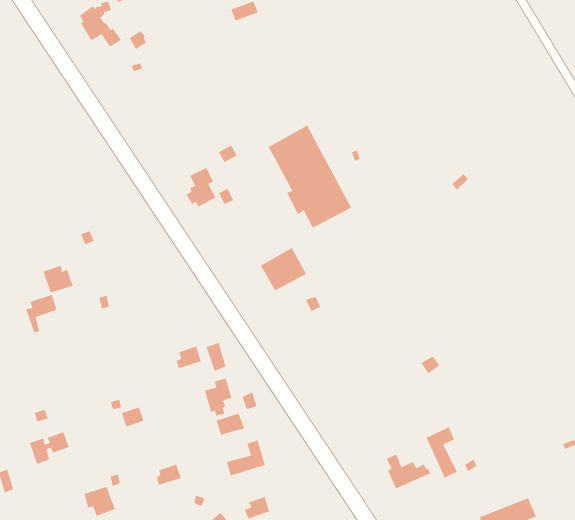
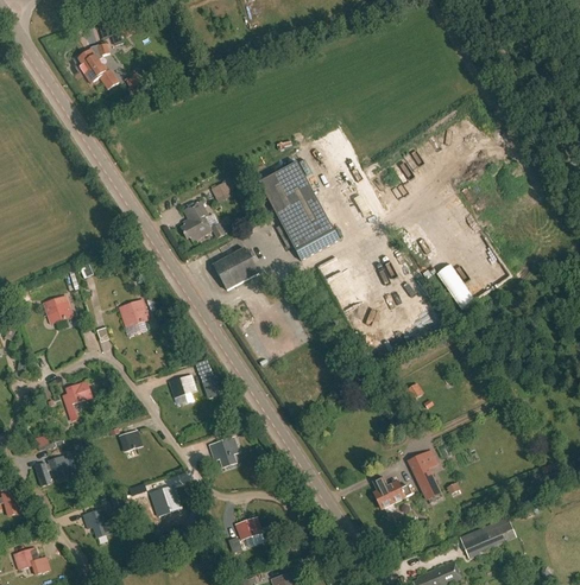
building: [260,247,307,291] -> [214,247,259,290]
building: none -> [119,298,151,326]
building: [25,294,58,334] -> [62,380,93,418]
building: [204,377,232,416] -> none
building: [226,439,266,476] -> none

